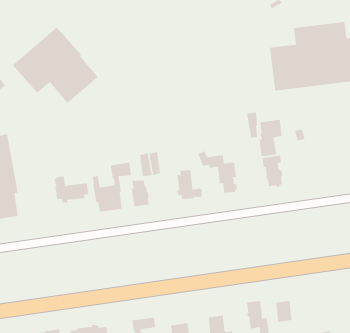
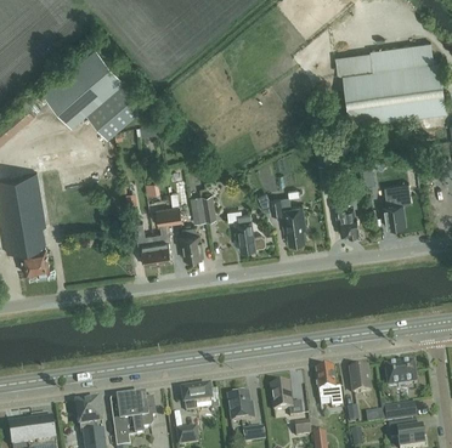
building: [259,119,283,157] -> [384,182,412,226]
building: [54,176,89,203] -> none
building: none -> [385,361,417,385]

